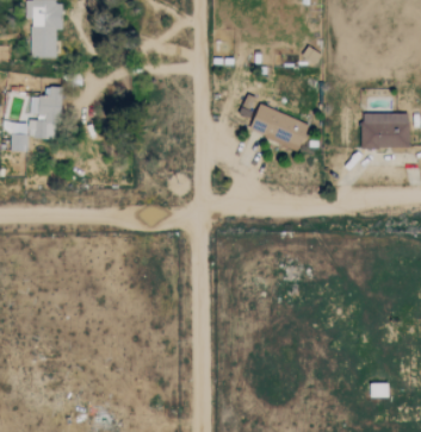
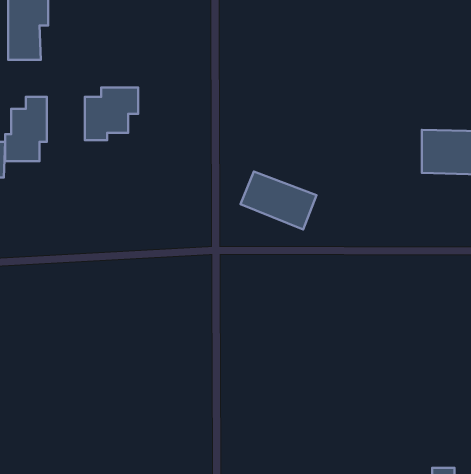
building: none -> [85,87,138,140]
building: [248,105,309,151] -> [241,171,316,230]

